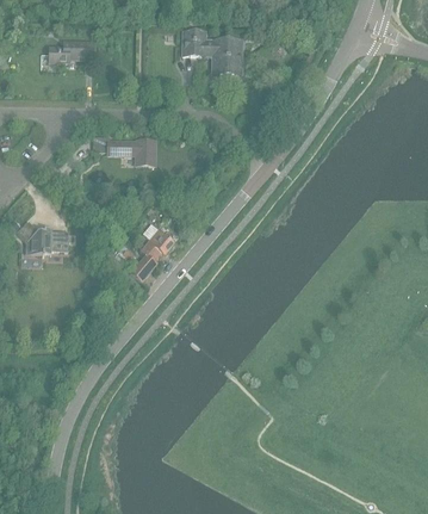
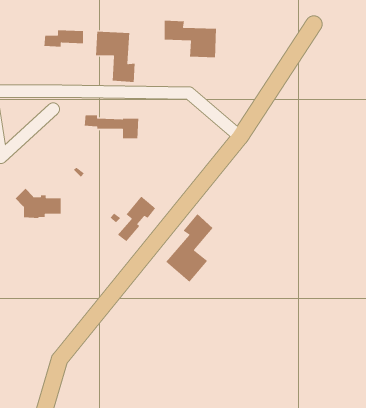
building: none -> [95,31,135,83]
building: none -> [165,213,213,283]

